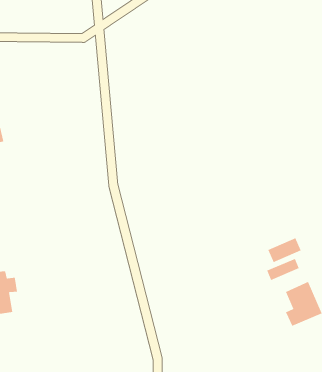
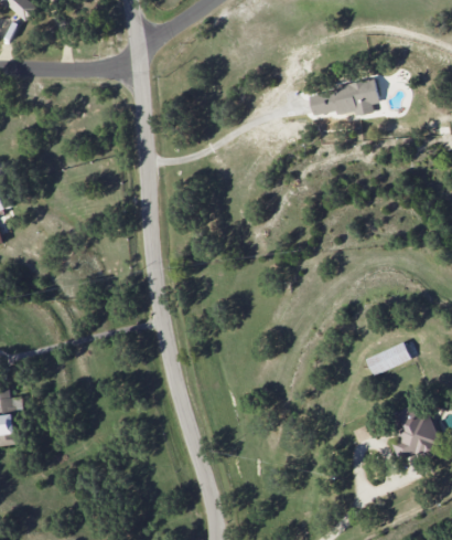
building: none -> [310,80,379,117]
building: [266,258,299,281] -> none

